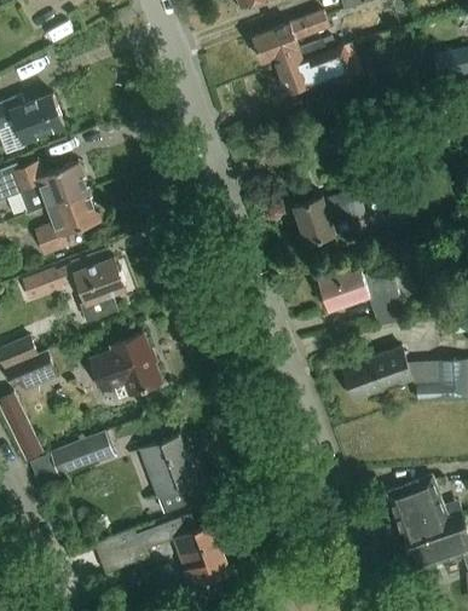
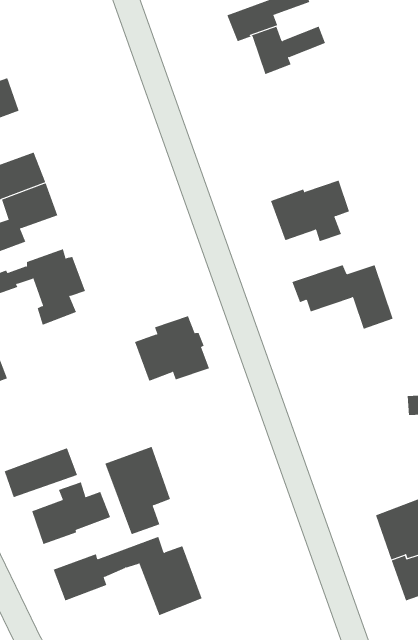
building: [91,334,160,394] -> [134,315,210,382]
building: [342,347,411,400] -> none
building: none -> [31,481,111,545]

